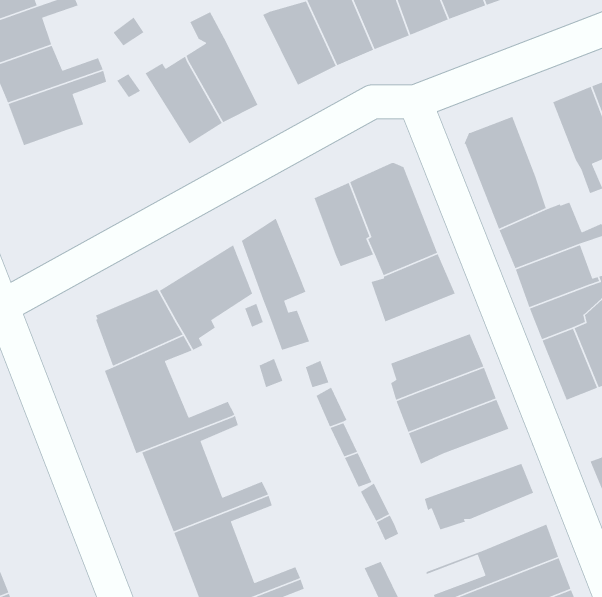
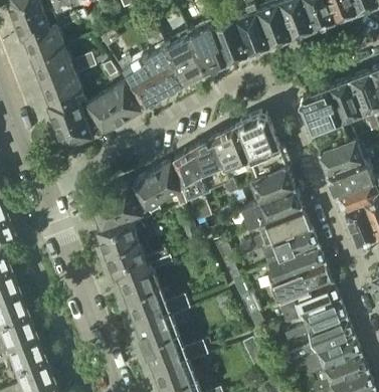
building: none -> [157,28,206,81]
building: none -> [86,79,143,131]
building: none -> [328,79,366,140]
building: none -> [49,95,92,145]
building: none -> [194,134,237,195]
building: none -> [243,188,302,226]
building: none -> [270,264,333,304]
building: none -> [275,301,347,345]

